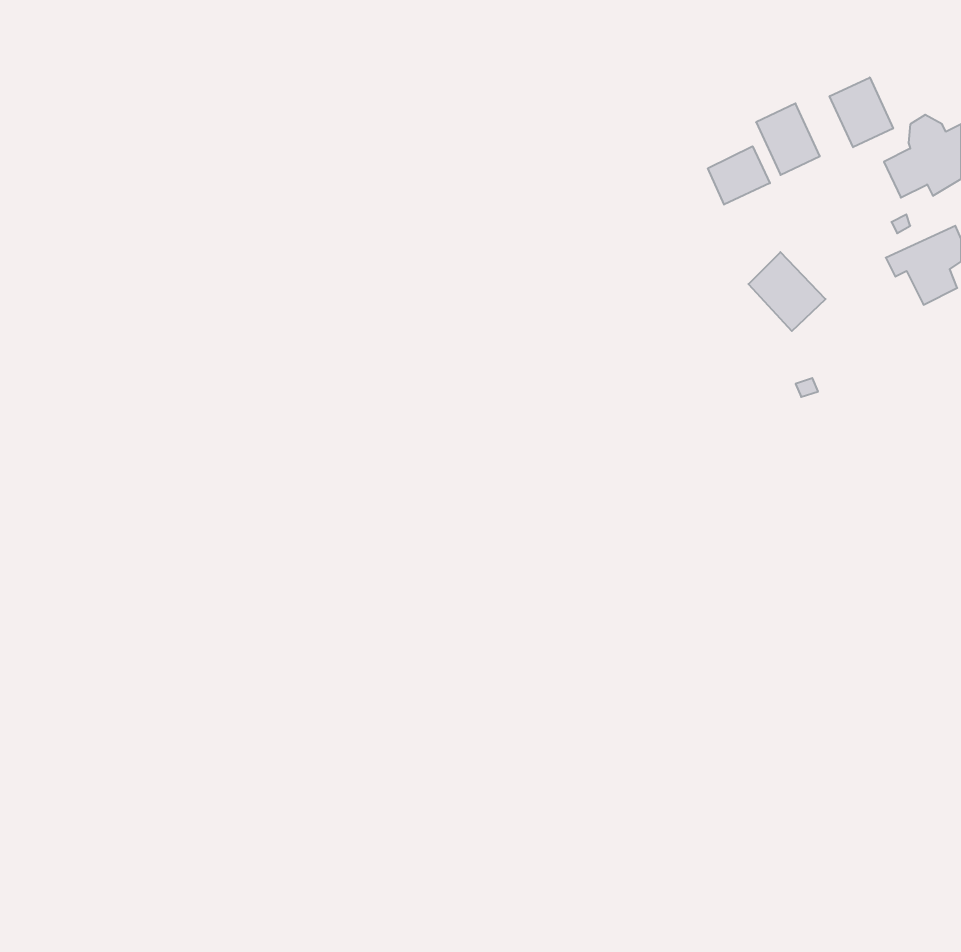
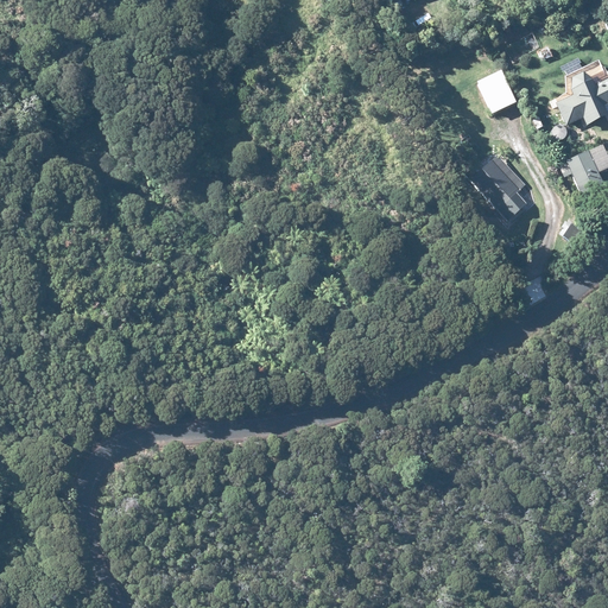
building: [830,77,893,147] -> none
building: [708,146,770,205] -> none

